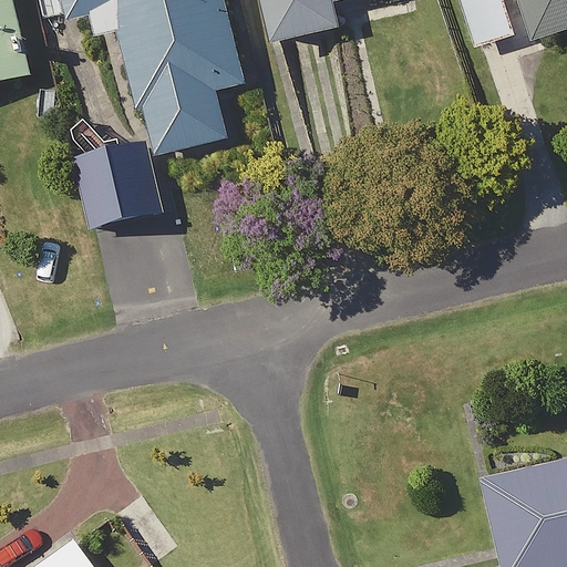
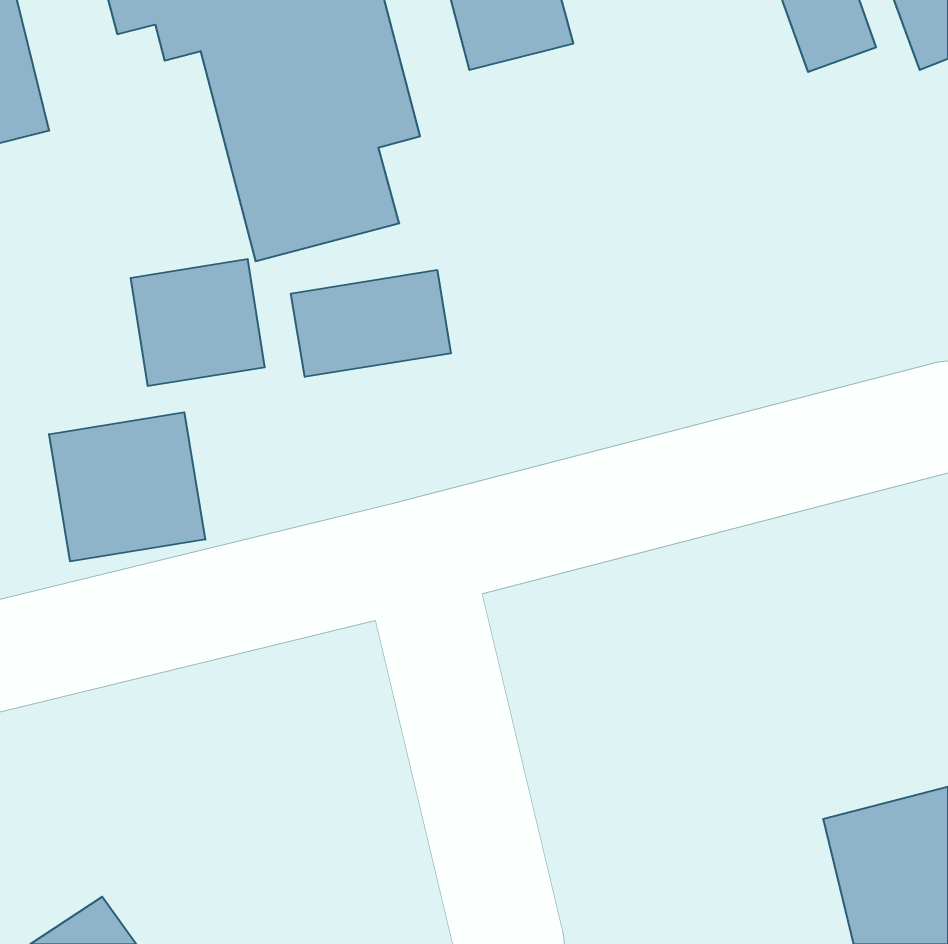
building: none -> [291,270,451,377]
building: none -> [49,412,205,561]

